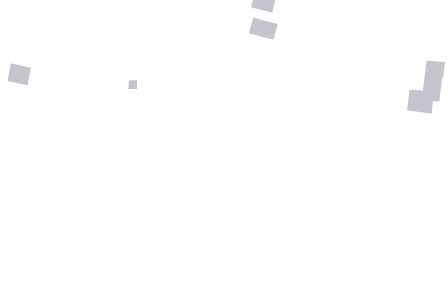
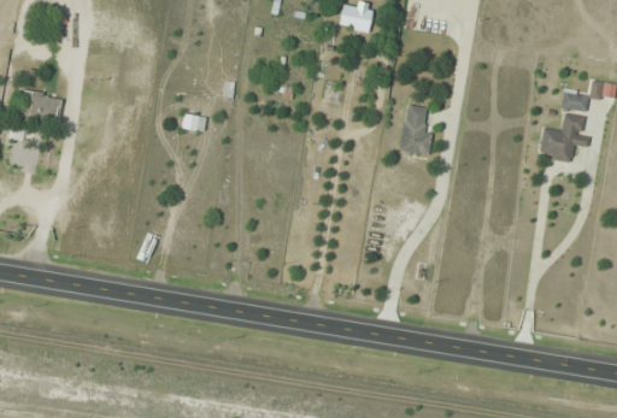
building: [248,17,279,41] -> none
building: none -> [400,105,433,154]

